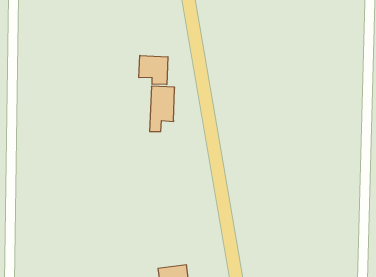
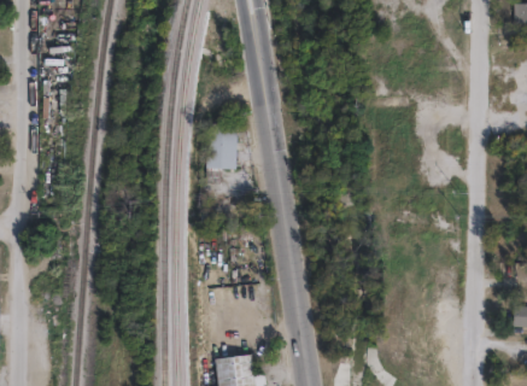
building: [139,55,168,85] -> none

